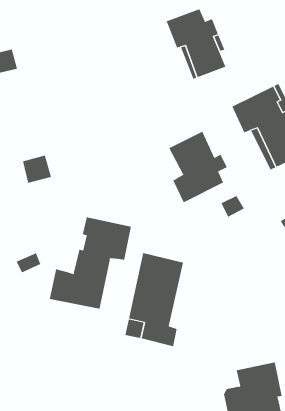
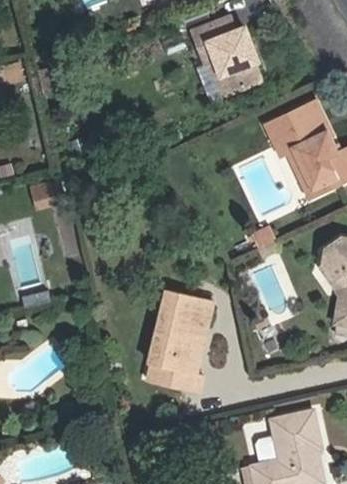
building: [168,131,227,203] -> none
building: [49,216,131,310] -> none

